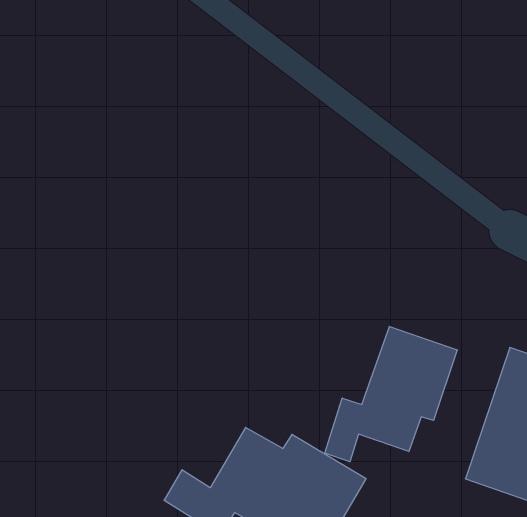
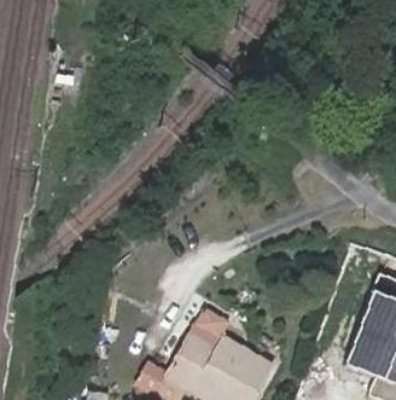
building: [325,326,457,462] -> none

